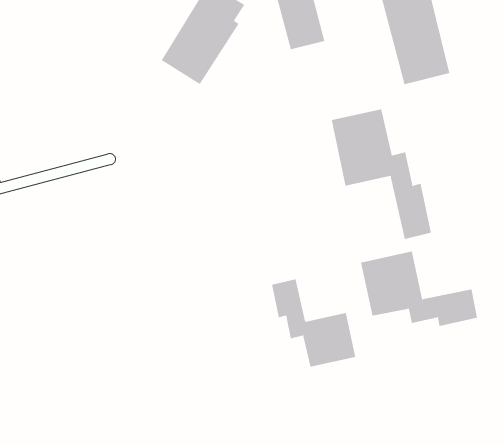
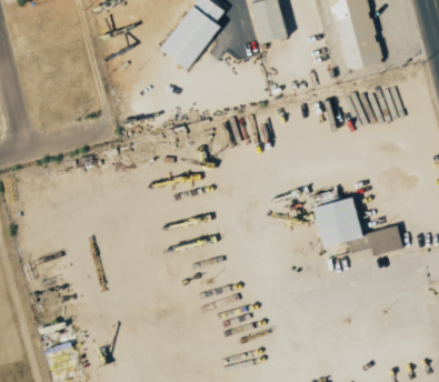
building: [331,108,431,240] -> none
building: [271,278,356,367] -> none

